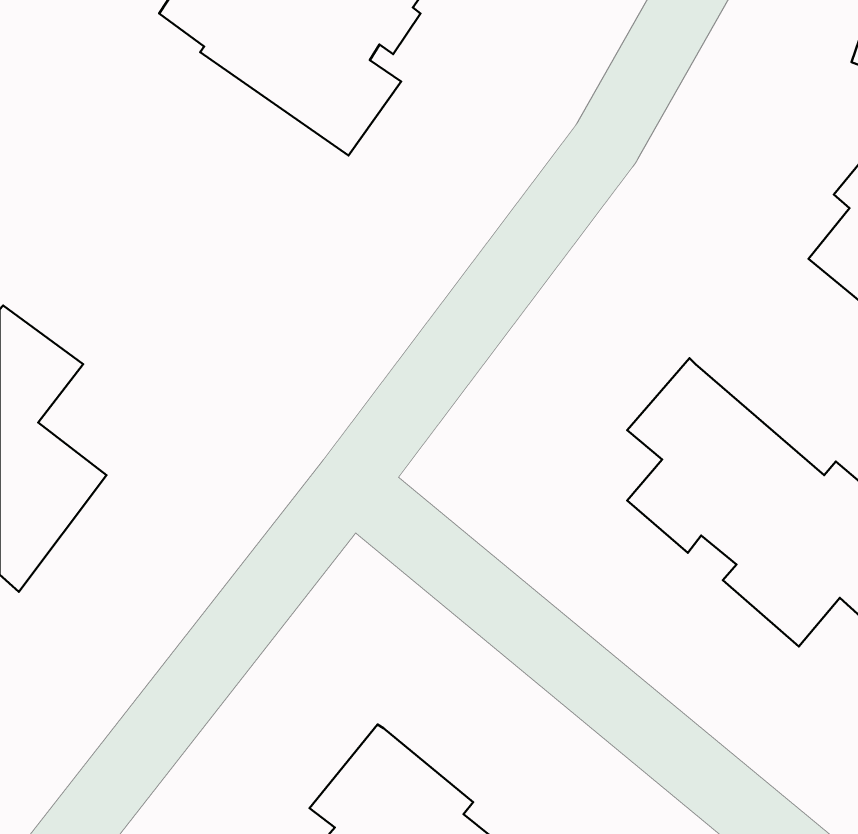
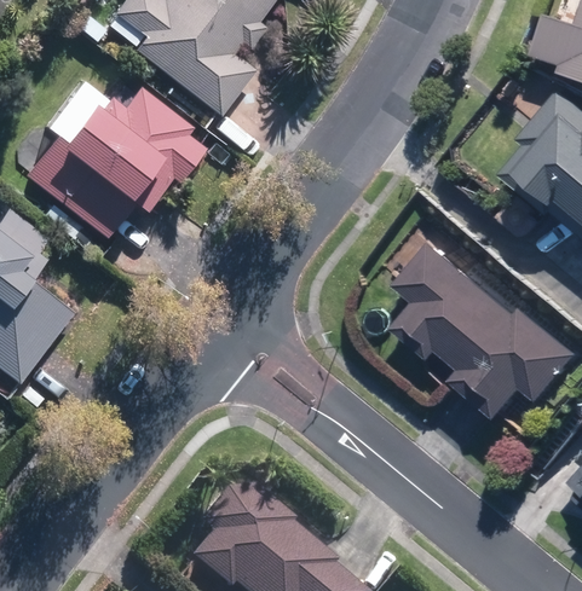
building: none -> [19,77,211,241]

